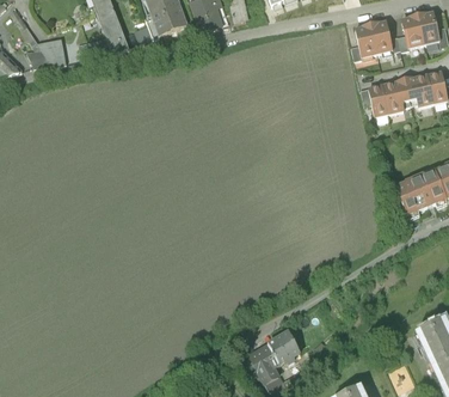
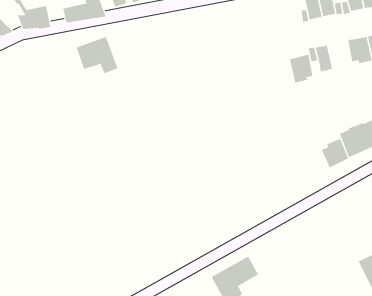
building: none -> [76,36,118,74]
building: [382,78,410,111] -> [289,54,313,83]
building: none -> [321,138,349,168]

